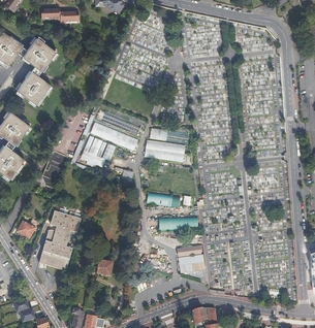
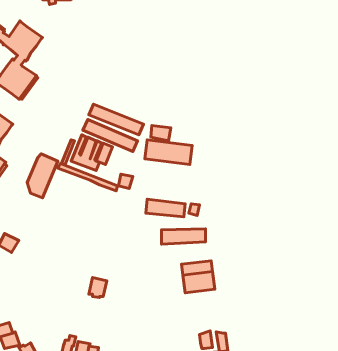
building: [38,209,82,270] -> none

